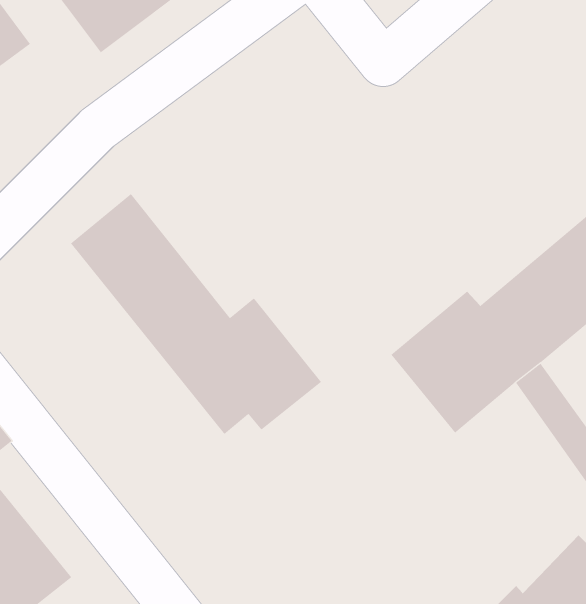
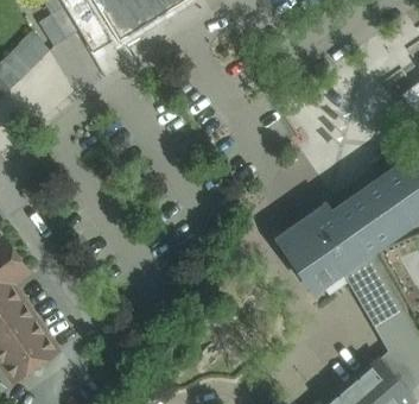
building: [70,193,322,435] -> none

